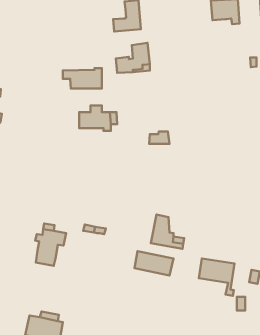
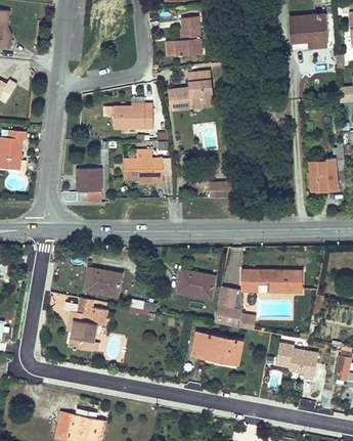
building: none -> [309,143,344,192]
building: none -> [77,168,102,201]
building: none -> [85,270,121,296]
building: none -> [241,270,302,291]
building: none -> [178,272,214,298]

